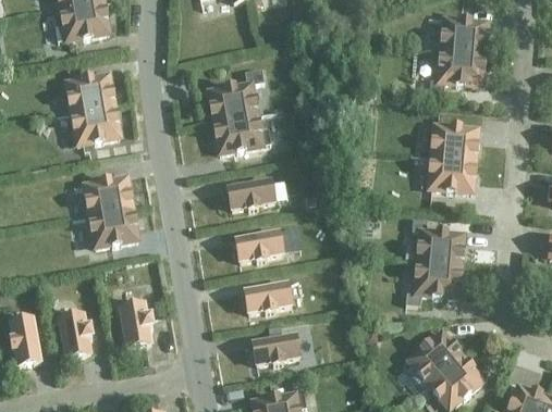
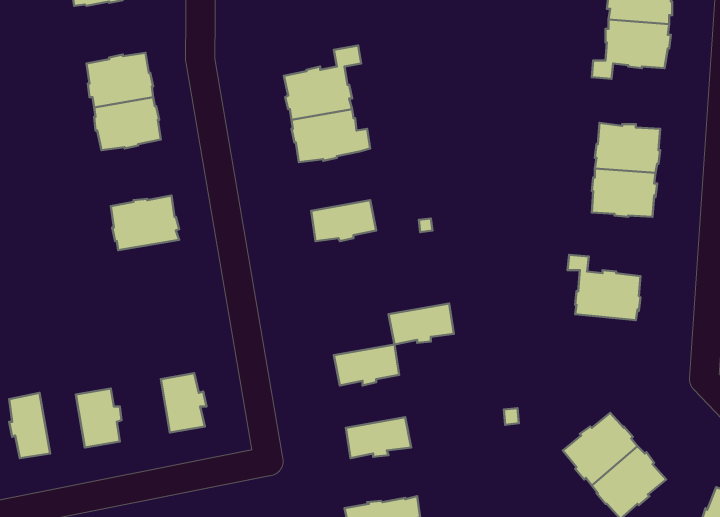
building: [88,208,137,247] -> none
building: [234,232,281,261] -> [388,303,454,344]
building: [404,261,461,304] -> none

